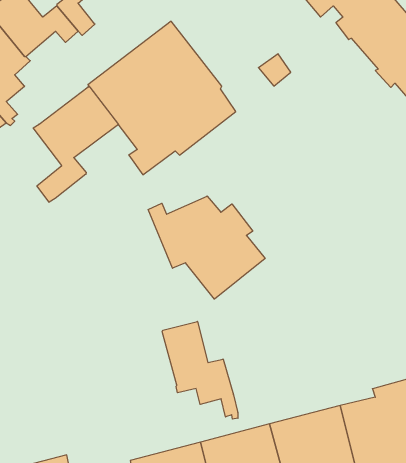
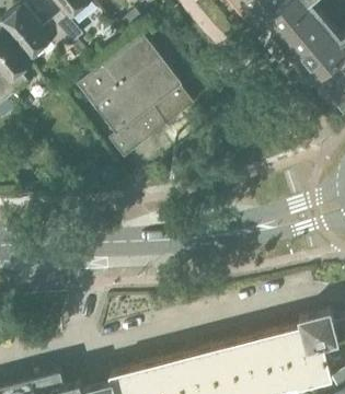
building: [33,87,118,202] -> none
building: [148,196,265,299] -> none
building: [162,321,238,419] -> none

